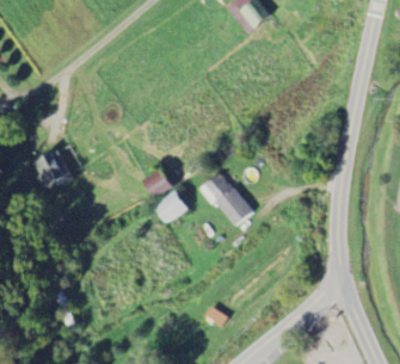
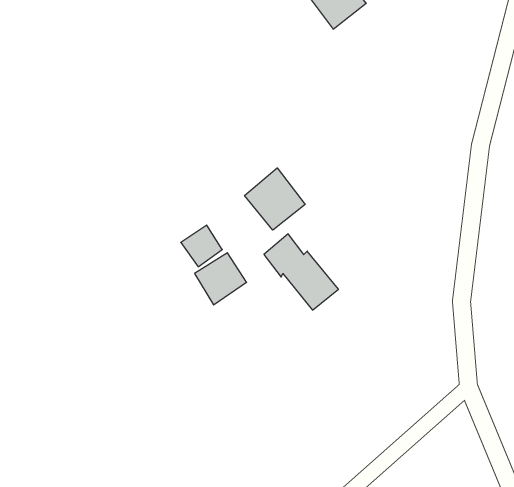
building: none -> [245,168,305,230]
building: [32,148,74,189] -> none

